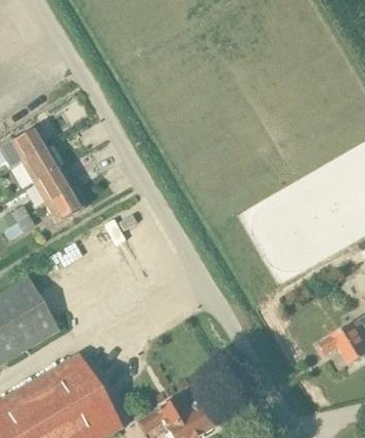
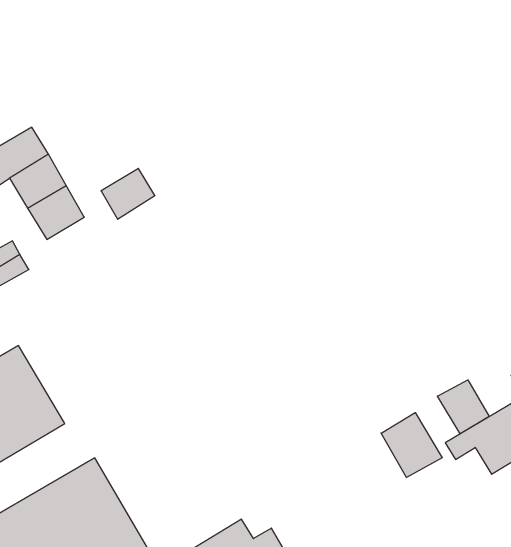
building: [46,188,83,223] -> [101,168,155,219]
building: none -> [437,380,489,434]
building: none -> [381,413,442,477]

